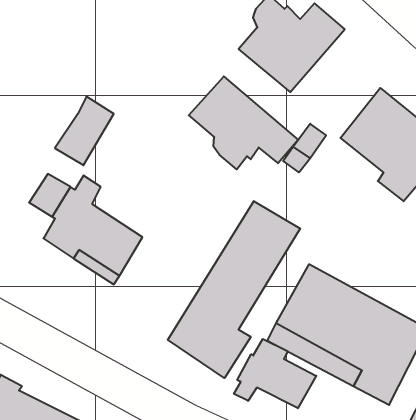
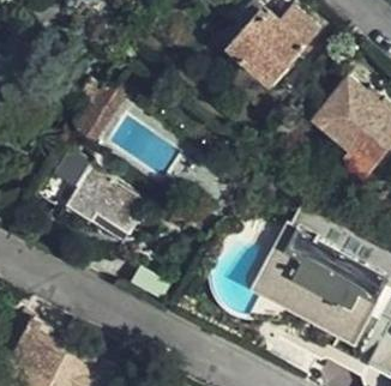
building: [189,76,298,169] -> none
building: [168,201,300,378] -> none
building: [234,339,316,408] -> none

